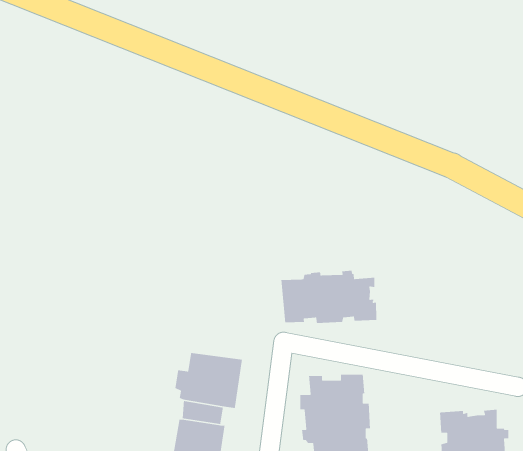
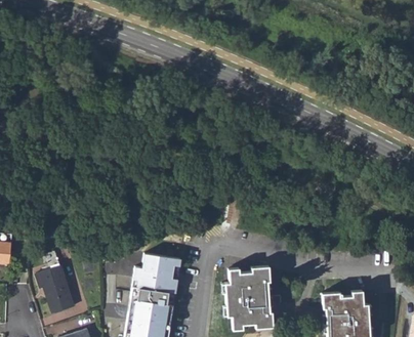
building: [281,270,377,324] -> none
building: none -> [36,265,76,313]

